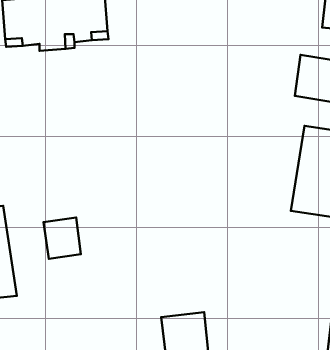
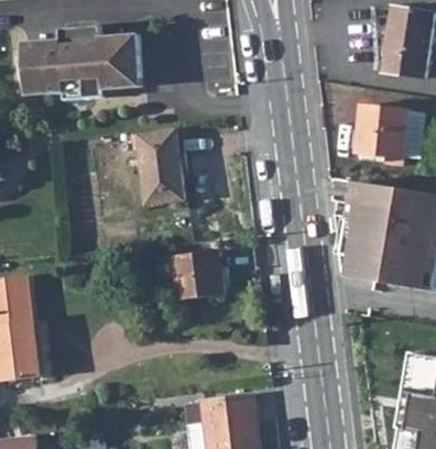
building: none -> [138,130,183,202]
building: none -> [174,250,225,297]
building: [44,218,81,259] -> none

